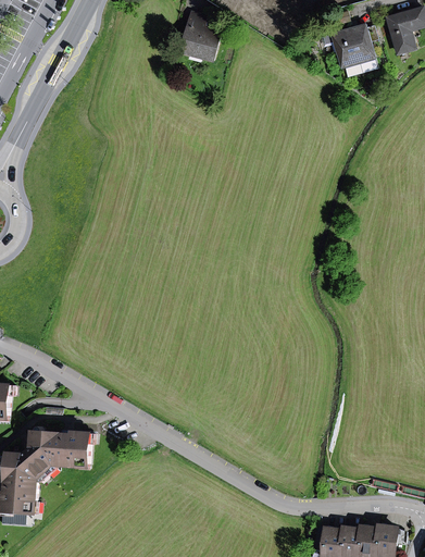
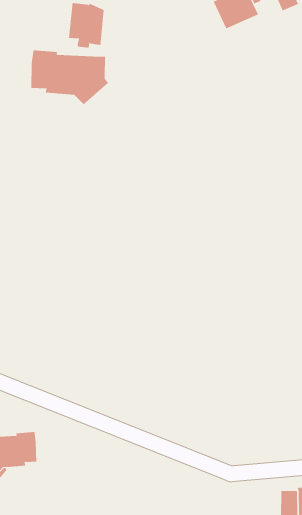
building: [338,52,377,77] -> none
building: none -> [31,50,109,105]

